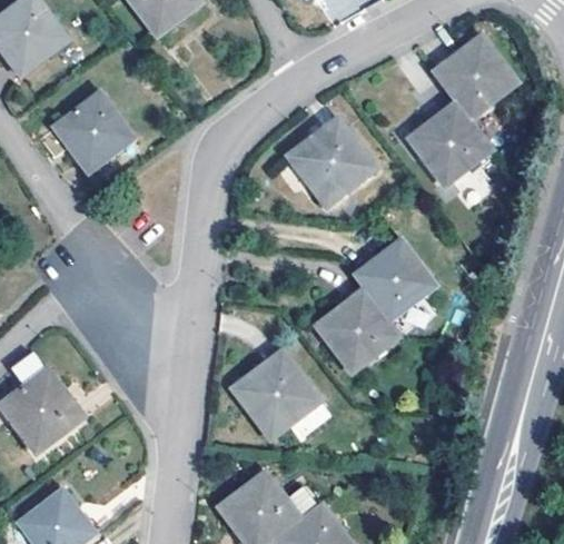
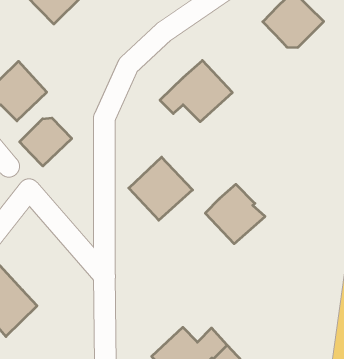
building: [410,108,491,180] -> none
building: none -> [20,118,72,166]
building: [354,236,436,318] -> none
building: [237,348,321,432] -> [129,157,193,220]

